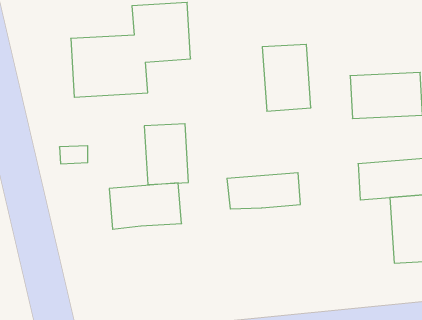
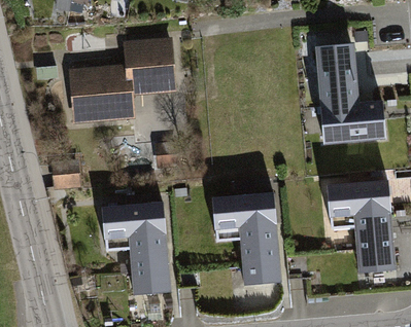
building: [262,44,311,111] -> [316,43,361,104]
building: [144,124,188,185] -> [130,239,170,294]
building: none -> [240,221,280,284]

